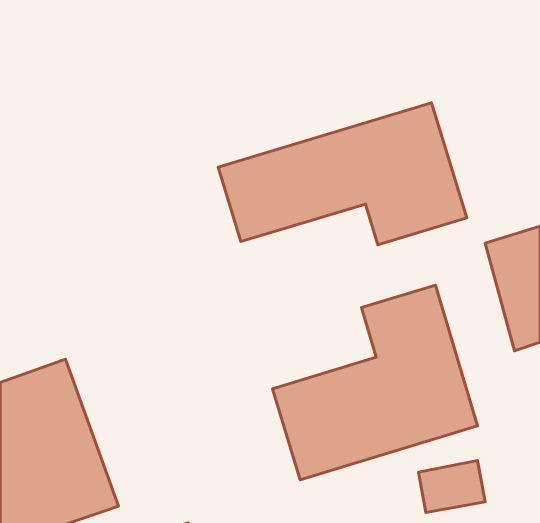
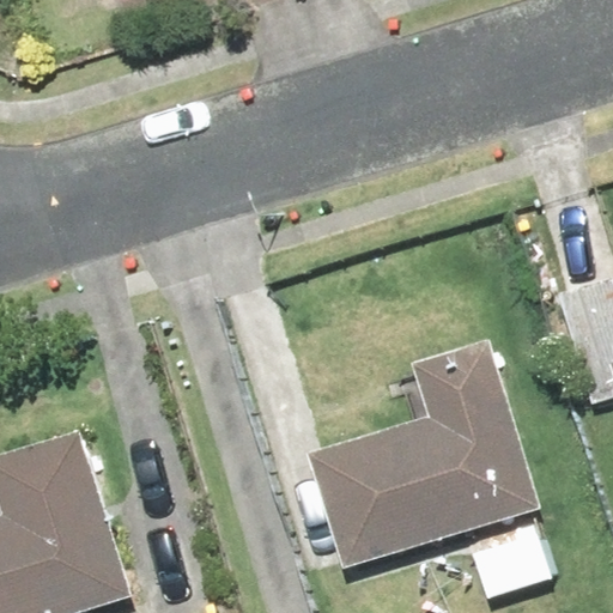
building: [218,103,467,245] -> none

